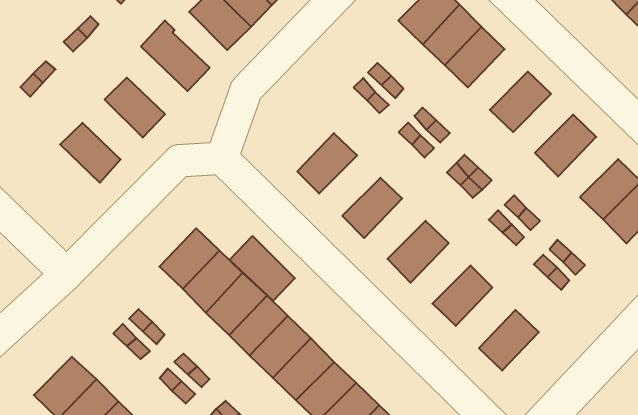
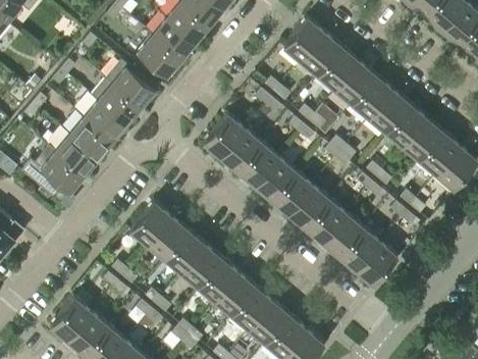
building: none -> [91,79,140,124]
building: none -> [334,61,375,104]
building: none -> [368,90,409,132]
building: none -> [68,117,111,158]
building: none -> [203,114,244,157]
building: none -> [402,117,442,160]
building: none -> [20,151,84,197]
building: none -> [236,143,278,186]
building: none -> [270,170,312,213]
building: [230,236,295,301] -> none
building: none -> [305,199,346,242]
building: none -> [338,227,379,270]

